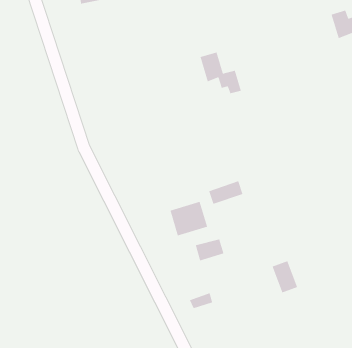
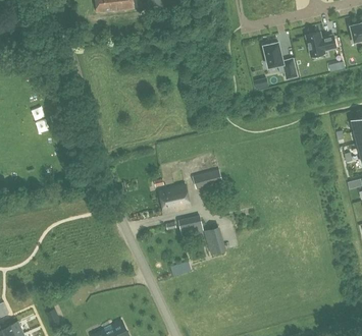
building: [199,52,242,94] -> [263,42,297,78]
building: [271,260,298,293] -> [204,227,225,255]

